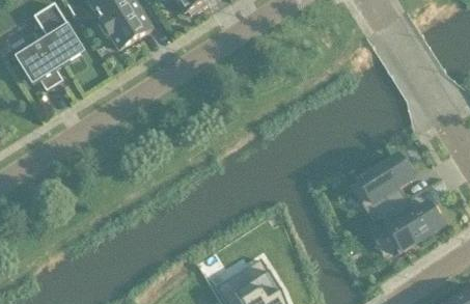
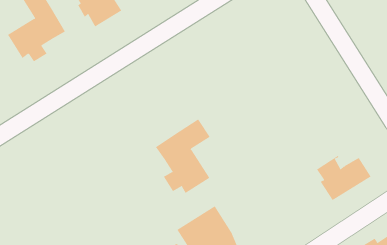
building: [349,151,414,219] -> none
building: none -> [155,118,211,194]

